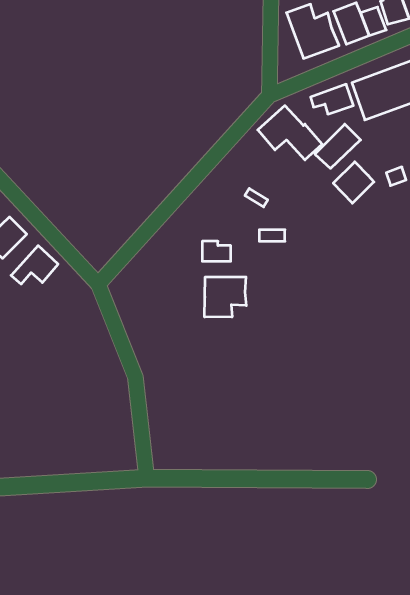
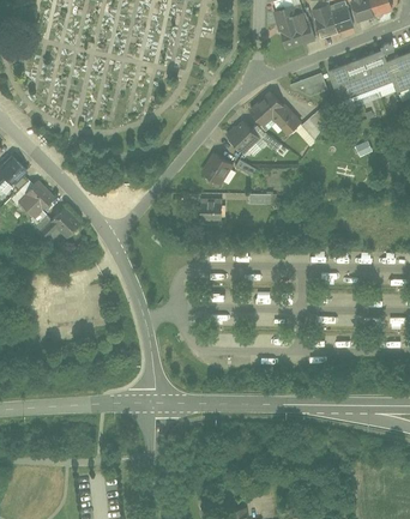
building: none -> [224,121,260,156]
building: [333,162,374,203] -> none
building: none -> [200,152,233,186]
building: [205,277,246,317] -> none

